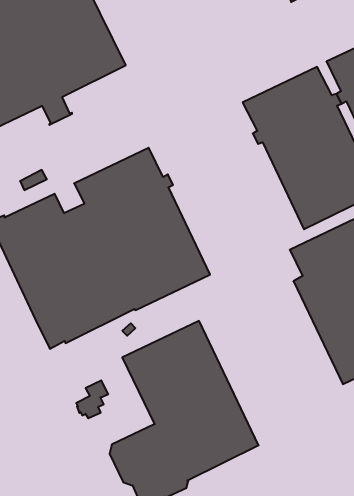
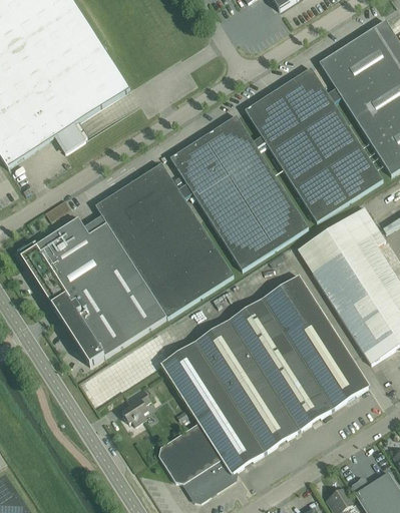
building: none -> [169,114,308,270]
building: none -> [228,274,369,430]

